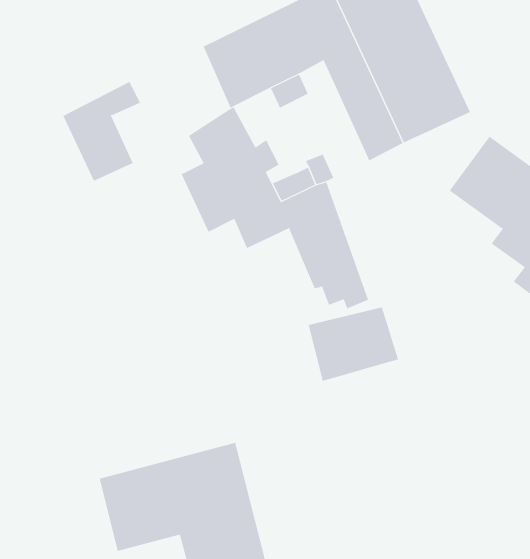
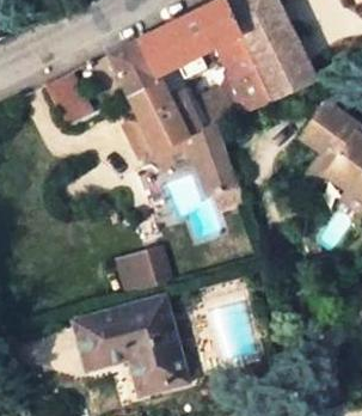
building: none -> [110,38,158,97]
building: [308,307,399,382] -> [113,244,173,293]

